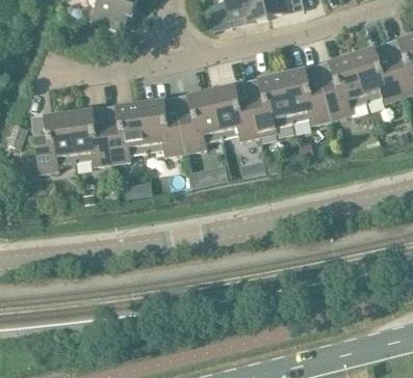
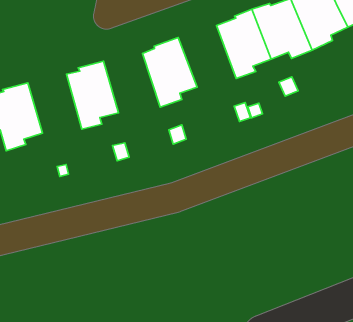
building: [210,84,258,139] -> none
building: [139,100,185,155] -> none
building: [68,109,111,165] -> none

